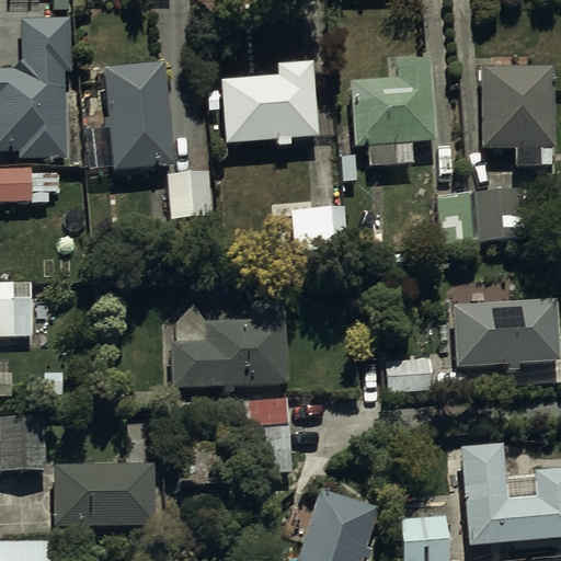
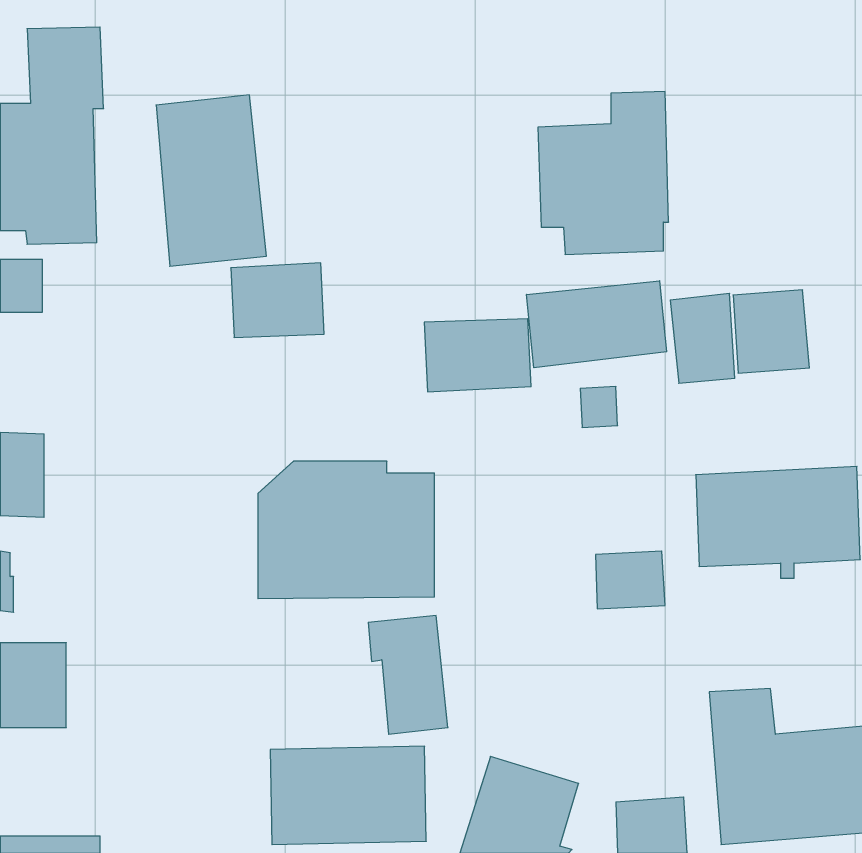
building: [221,64,318,148] -> none
building: [481,67,553,165] -> none
building: none -> [527,281,667,368]
building: [54,463,154,527] -> [270,746,426,845]

